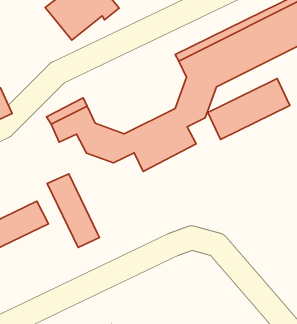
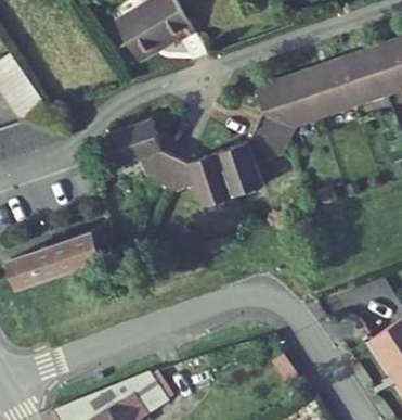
building: [208,78,290,140] -> none
building: [47,174,100,247] -> none

